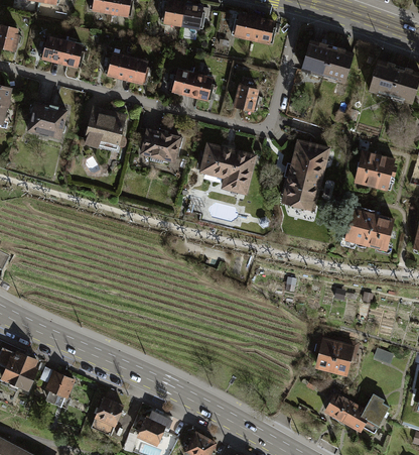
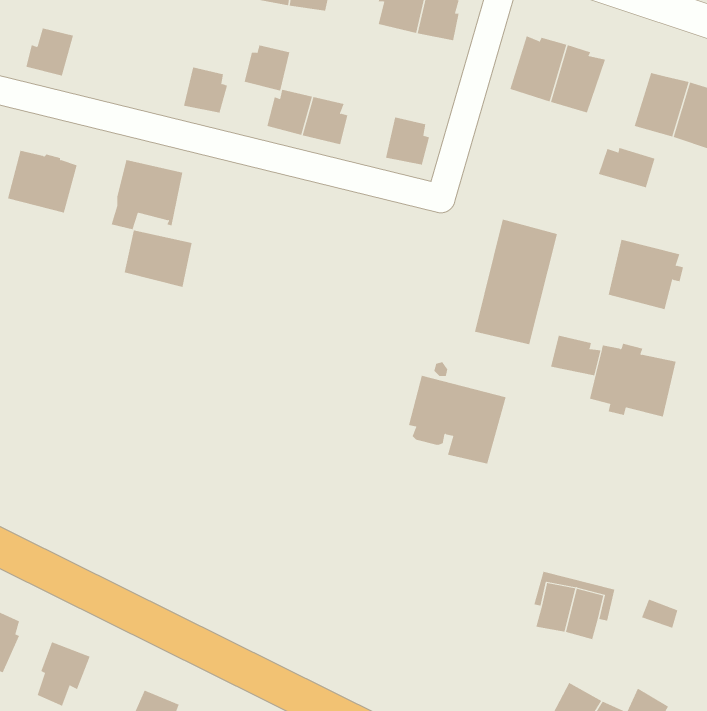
building: [59,41,85,69] -> none
building: [105,54,130,80] -> [244,45,290,91]
building: none -> [598,147,655,188]
building: [142,131,179,162] -> [124,230,192,287]
building: [201,144,255,193] -> [408,375,506,464]
building: none -> [551,335,601,376]

